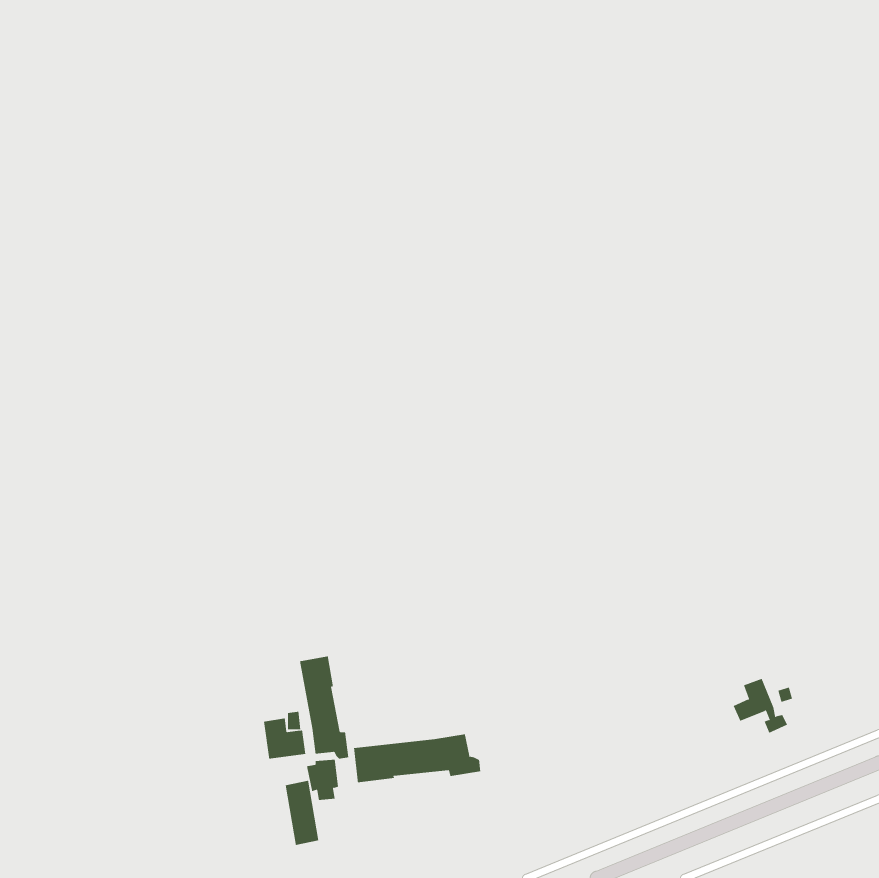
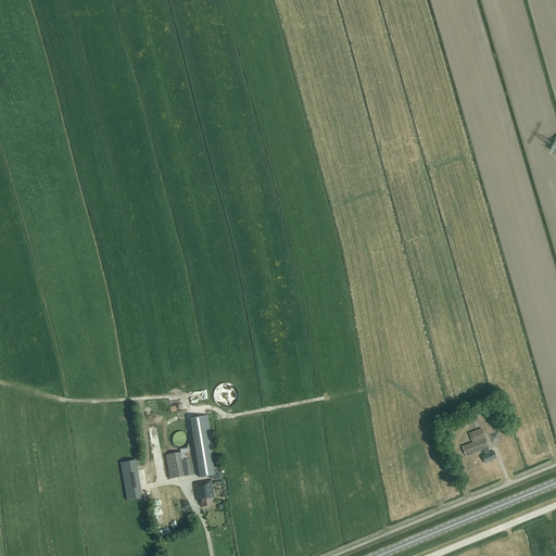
building: [353,734,481,783] -> none
building: [285,780,319,846] -> [121,458,142,500]

